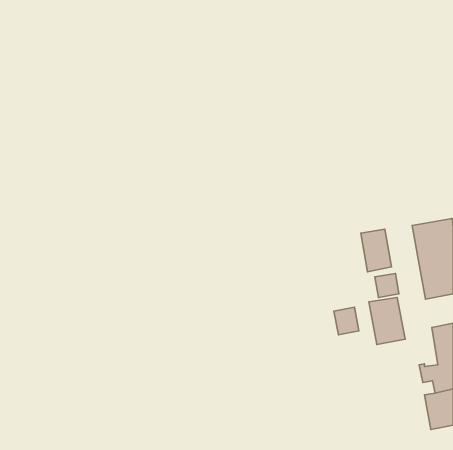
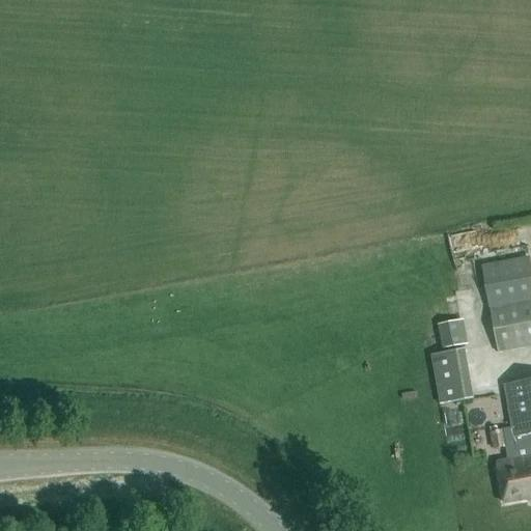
building: [361,229,391,272] -> none
building: [334,307,359,335] -> none

